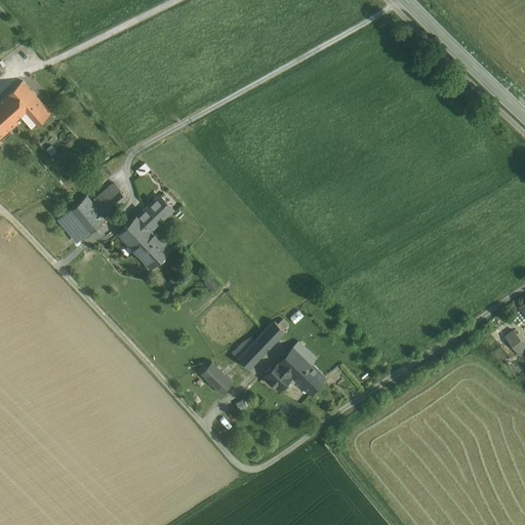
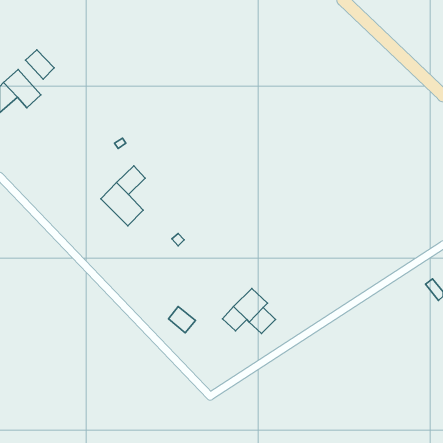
building: none -> [25,50,54,79]
building: [62,185,125,239] -> none
building: [237,323,282,370] -> none

